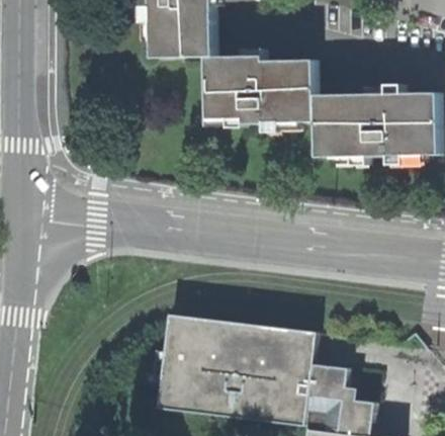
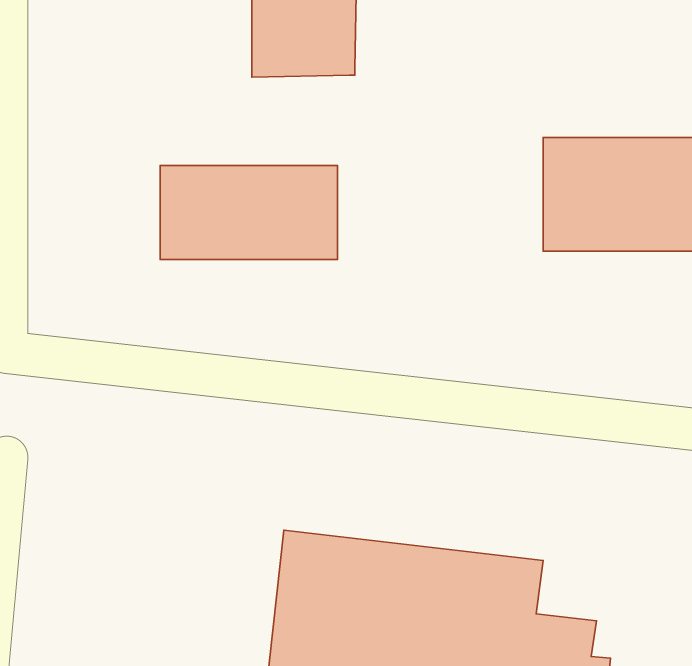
building: [205,53,316,122] -> none
building: none -> [160,165,338,259]

